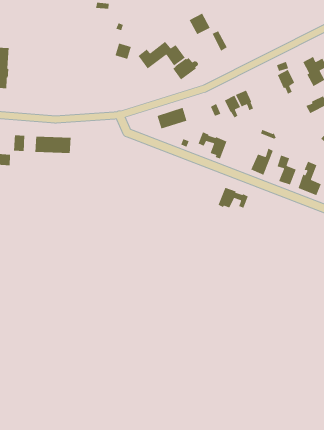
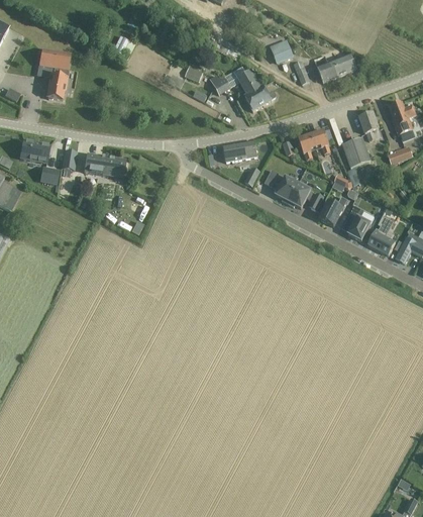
building: none -> [315,55,357,82]
building: none -> [342,138,371,169]
building: [218,187,249,209] -> [287,184,322,210]

